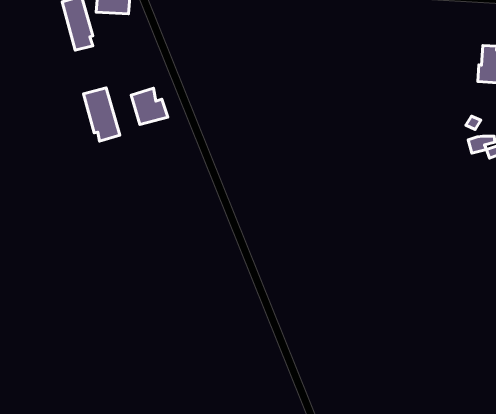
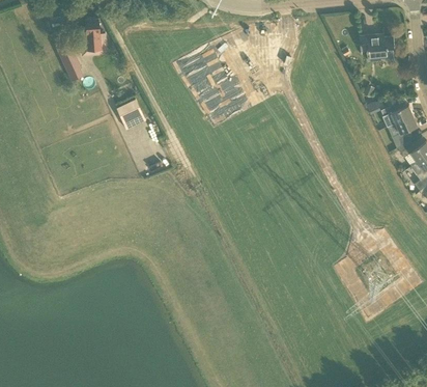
building: [84,88,120,141] -> none

